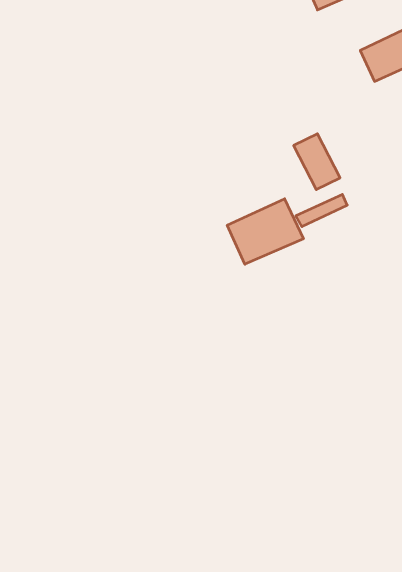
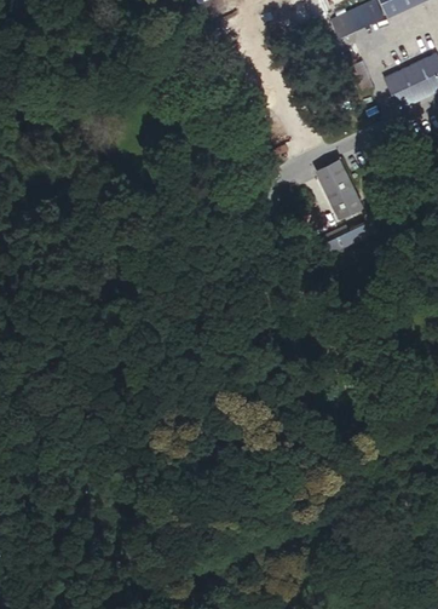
building: [227,199,303,264] -> none

